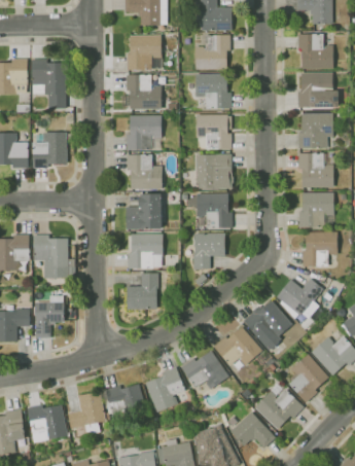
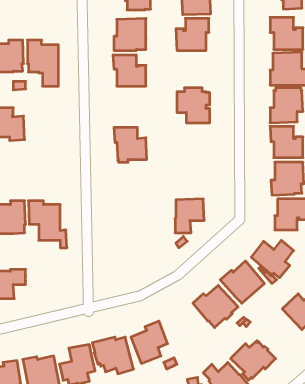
building: [196,74,232,109] -> none
building: [127,115,162,150] -> none
building: [32,132,67,168] -> none
building: [196,154,234,189] -> none
building: [126,193,162,229] -> none
building: [197,193,232,228] -> none
building: [128,234,163,270] -> none
building: [127,274,158,309] -> none
building: [35,295,64,338] -> none
building: [180,351,229,390] -> none
building: [288,354,328,403] -> none

